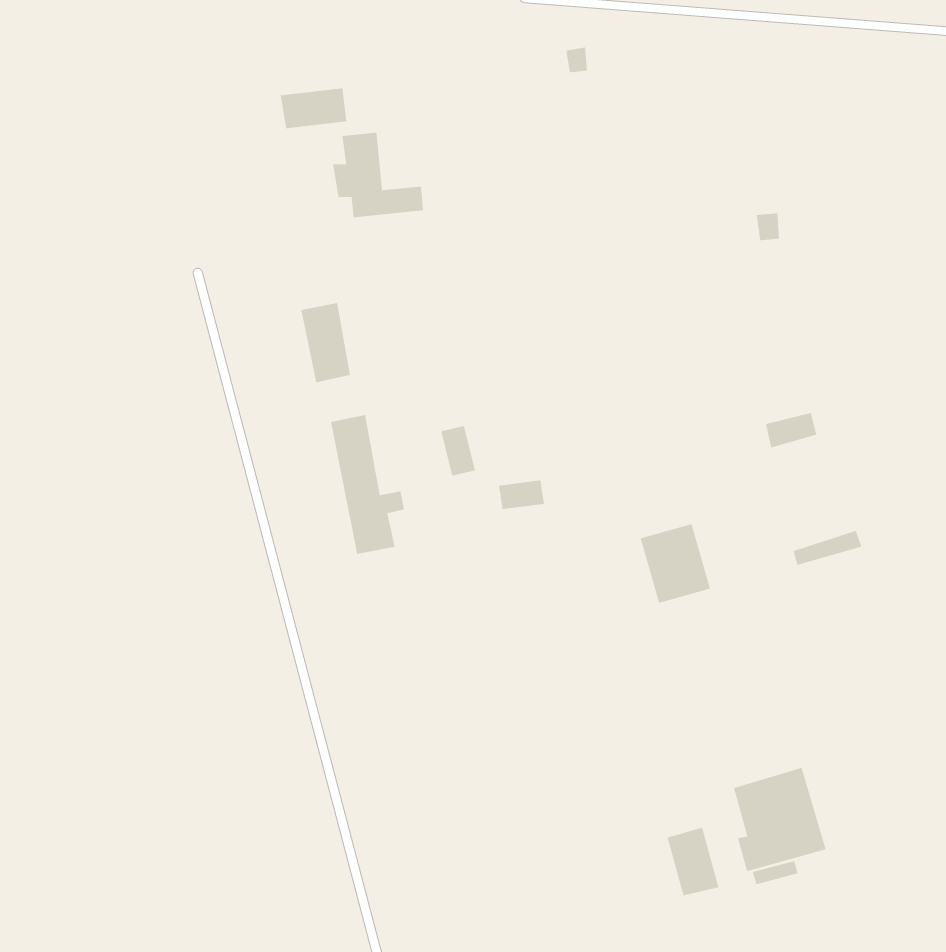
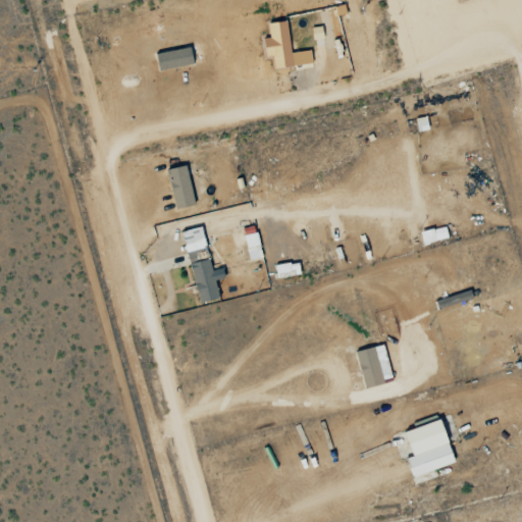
building: [332,132,424,218] -> [264,20,314,67]
building: [640,523,711,604] -> [356,344,395,387]
building: [667,827,719,896] -> none

